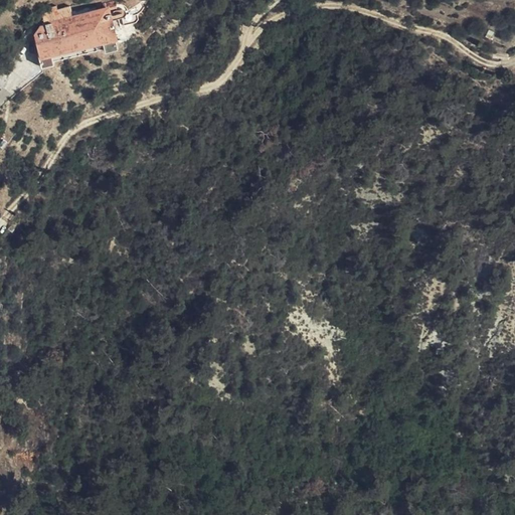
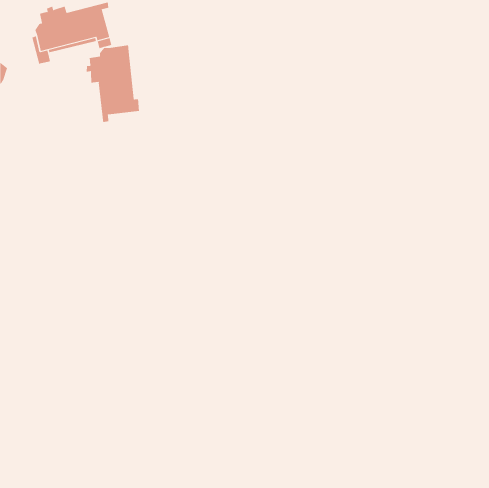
building: none -> [86,44,139,123]

